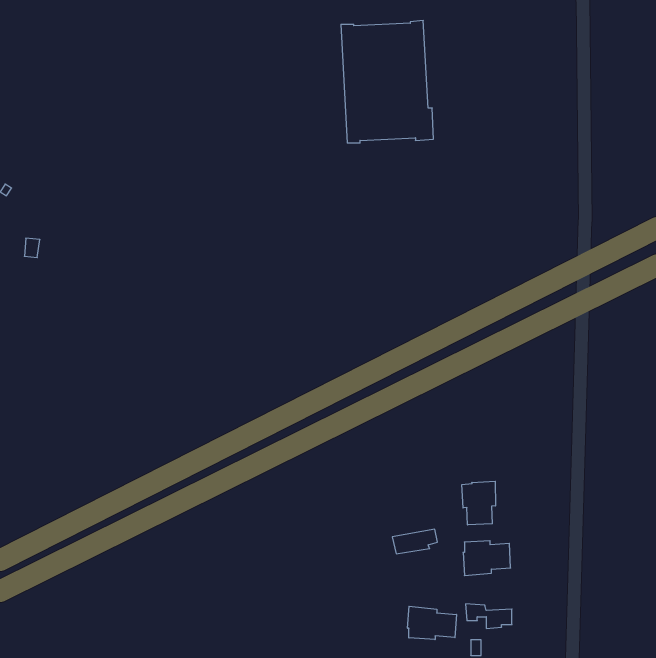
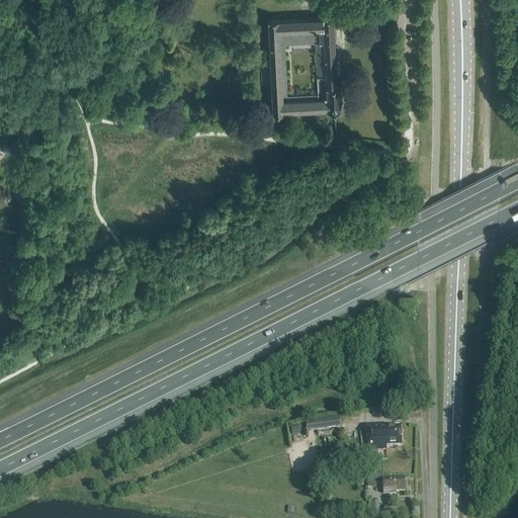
building: [462,481,495,525] -> none
building: [408,606,456,640] -> none

